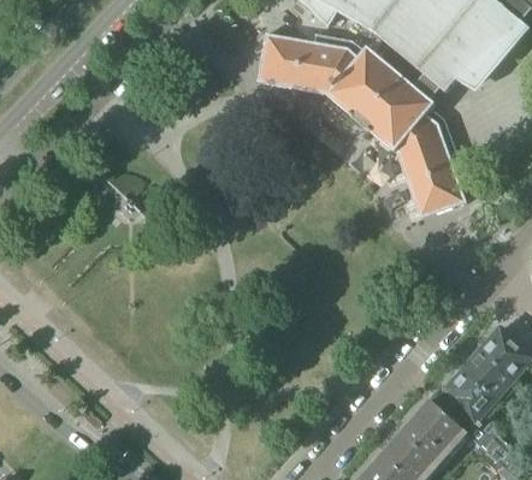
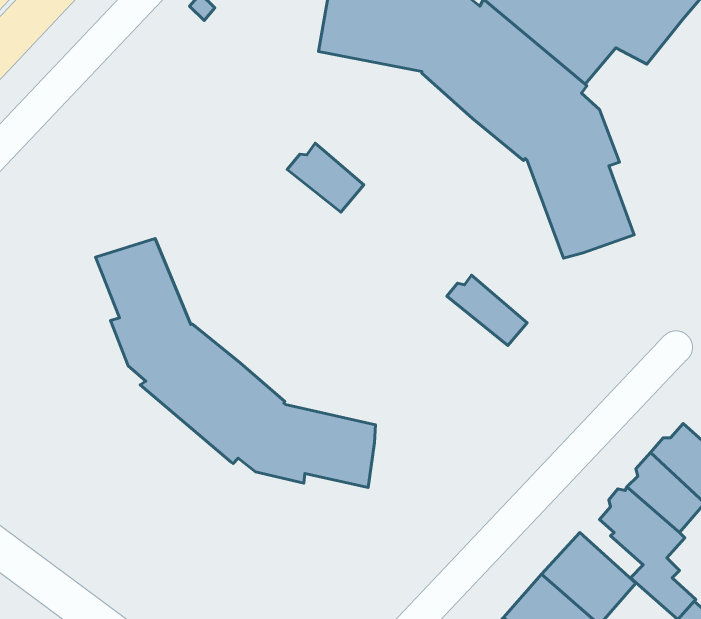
building: none -> [287,143,364,212]
building: none -> [96,239,376,488]
building: none -> [447,275,527,345]

